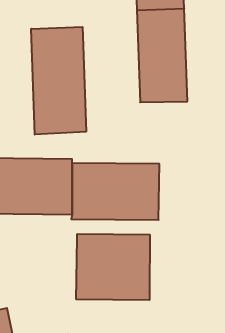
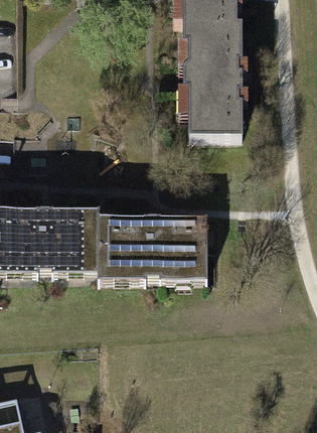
building: [31,27,86,135] -> none
building: [76,234,150,300] -> none

